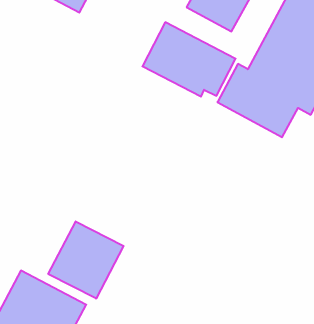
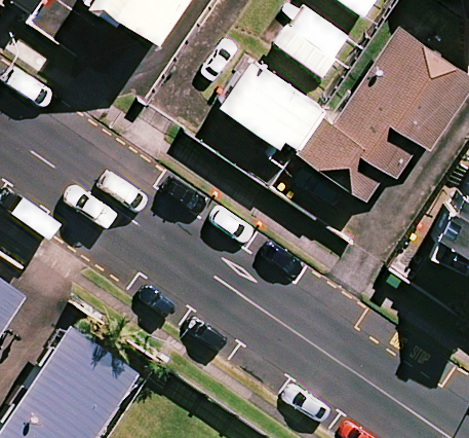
building: [48,221,124,299] -> none

